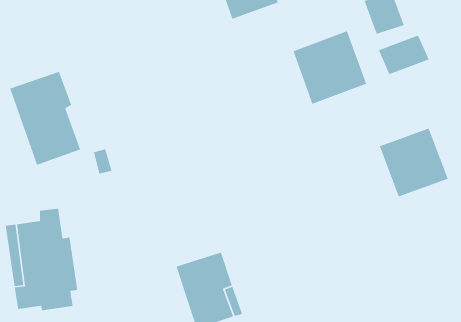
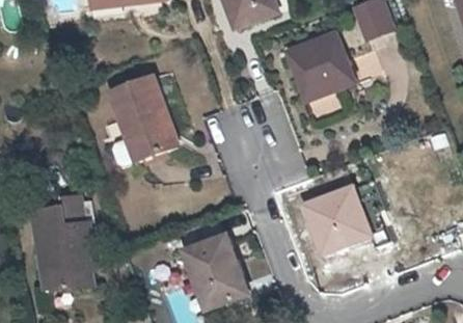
building: [378,35,430,75] -> none
building: [9,71,81,166] -> [112,75,178,161]
building: [379,128,449,198] -> [307,189,371,252]

